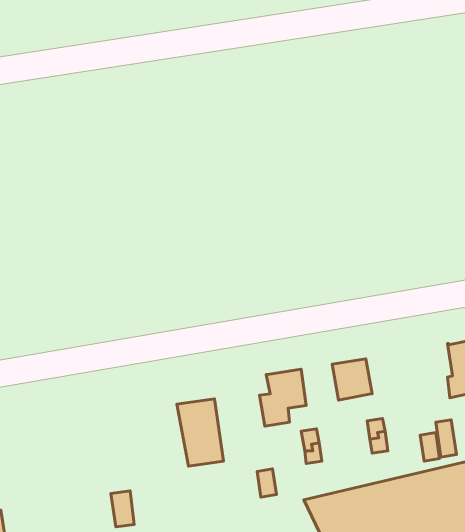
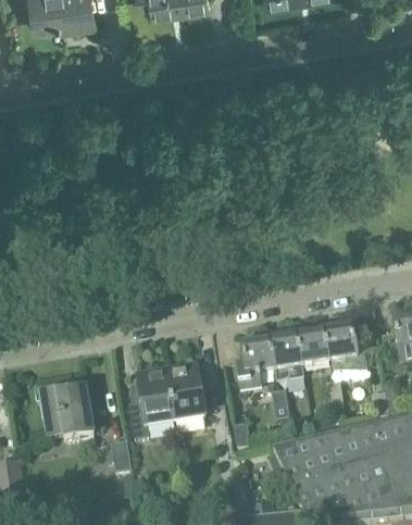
building: none -> [325,323,365,368]
building: none -> [271,333,304,377]
building: none -> [129,366,176,435]
building: none -> [40,383,95,436]

